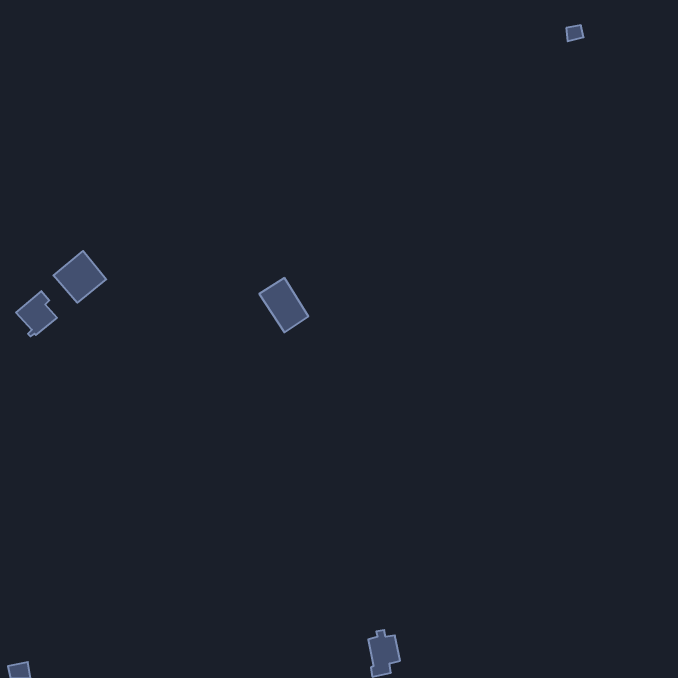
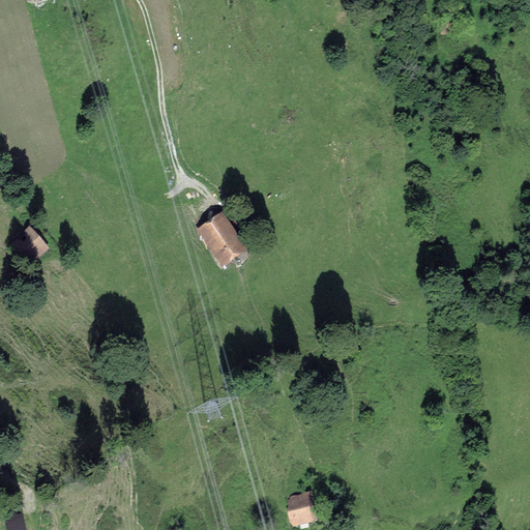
building: [53,251,106,303] -> none

